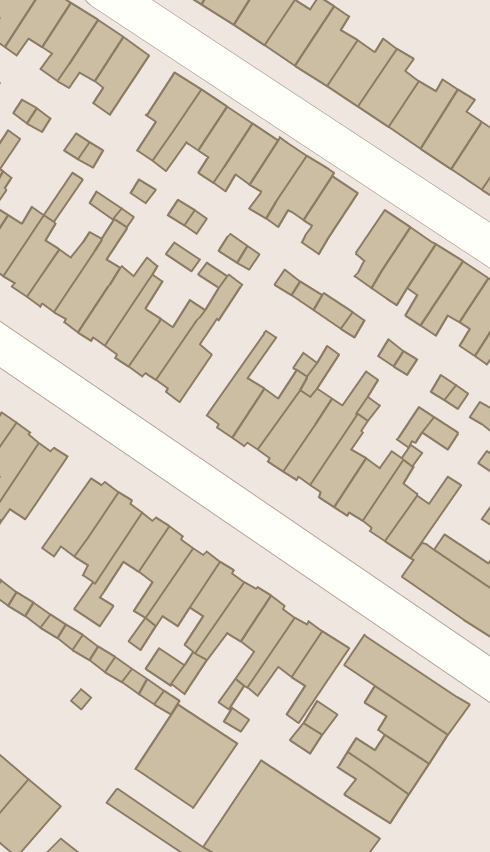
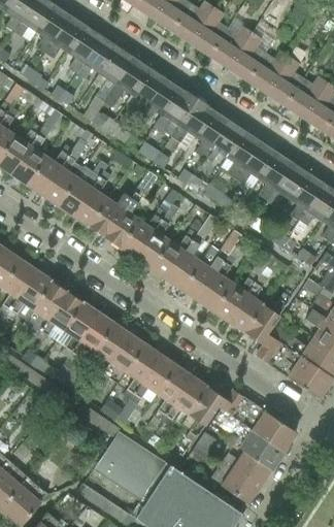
building: none -> [77,37,116,77]
building: none -> [204,121,244,162]
building: none -> [120,201,170,256]
building: none -> [26,281,66,340]

